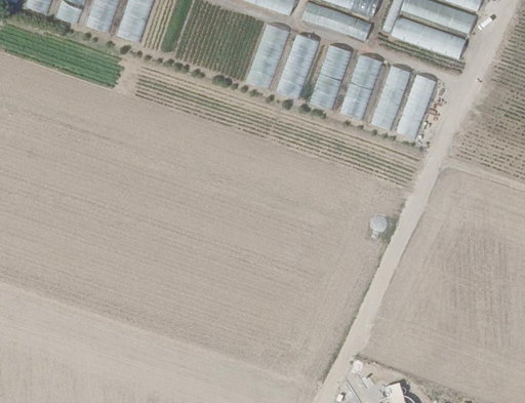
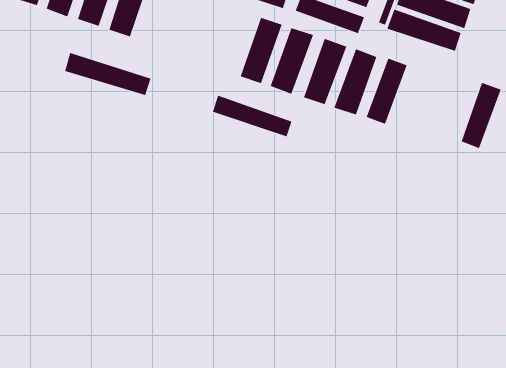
building: none -> [65,52,151,96]
building: [396,74,436,139] -> [461,82,501,149]
building: none -> [212,95,292,137]

